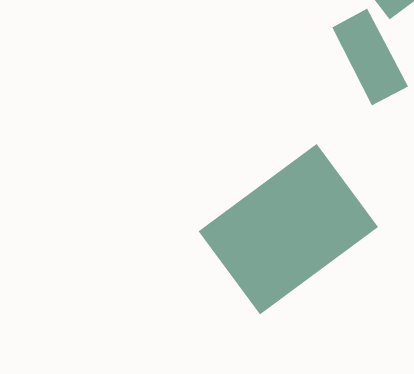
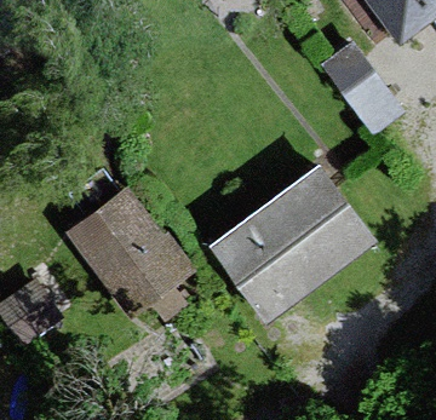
building: none -> [65,186,195,321]

